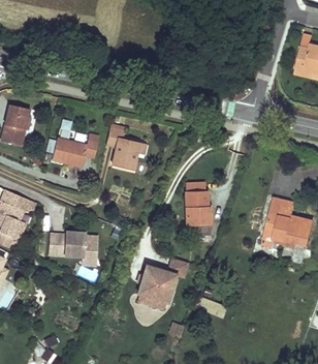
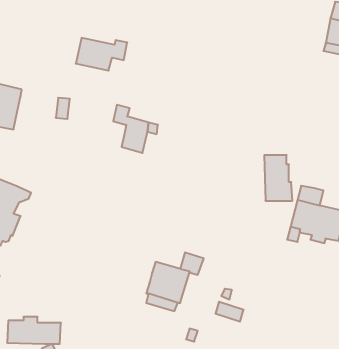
building: [53,139,98,168] -> [76,38,127,71]
building: [185,182,210,222] -> [264,155,292,201]
building: [51,230,98,253] -> [7,317,61,344]

